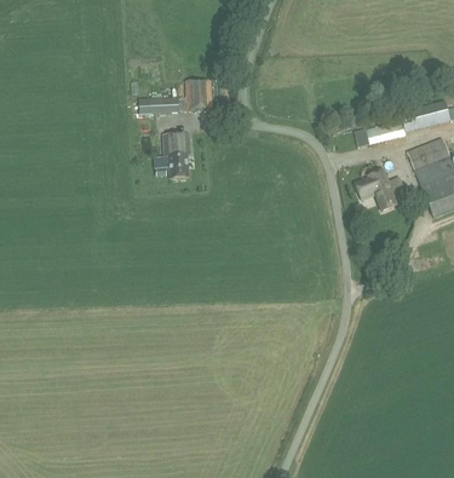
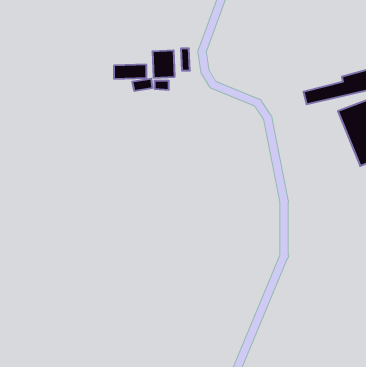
building: [162,132,189,179] -> none
building: [354,169,396,211] -> none

